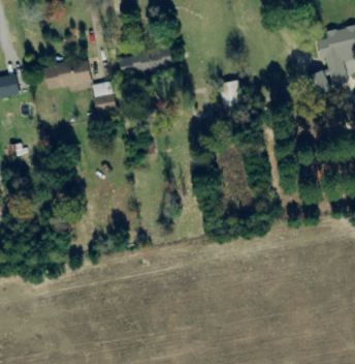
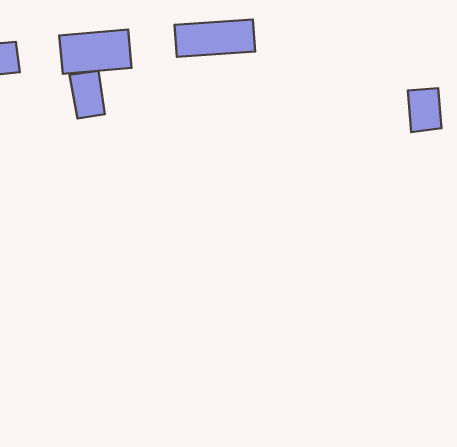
building: [219,80,243,110] -> [408,88,442,132]
building: [92,81,117,113] -> [70,71,105,119]

